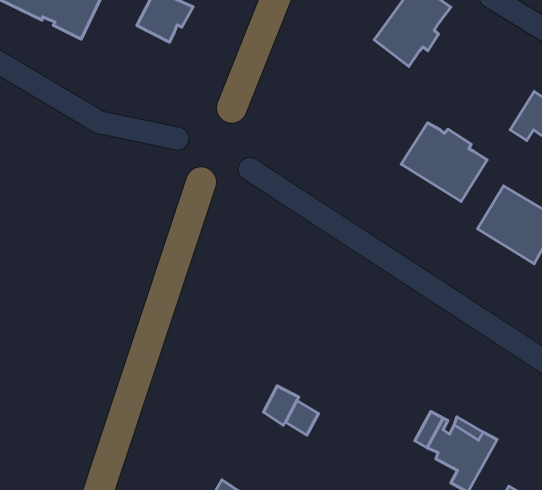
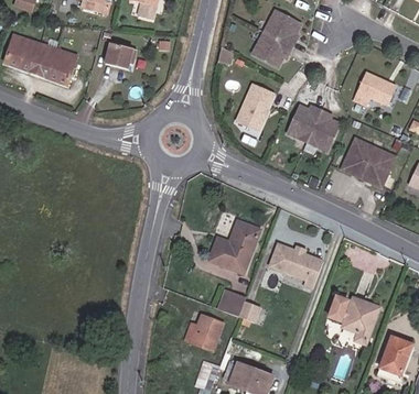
building: none -> [241,86,278,130]
building: none -> [206,219,258,271]
building: none -> [270,240,322,285]
building: none -> [181,313,218,349]

